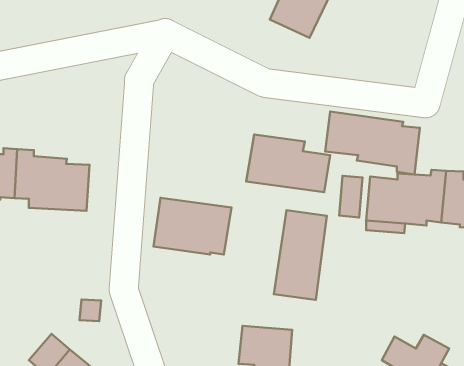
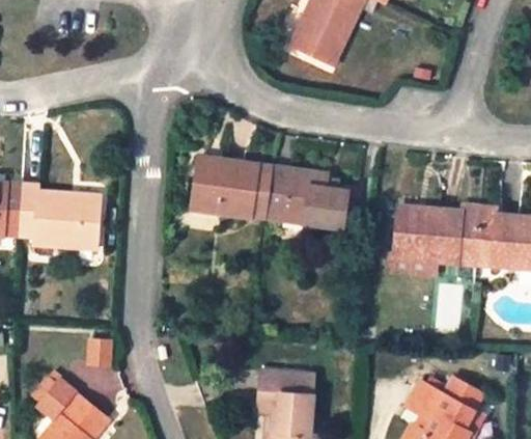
building: [325,112,420,175] -> none
building: [339,176,363,217] -> none
building: [154,198,232,254] -> [191,156,274,216]
building: [274,210,327,300] -> none

